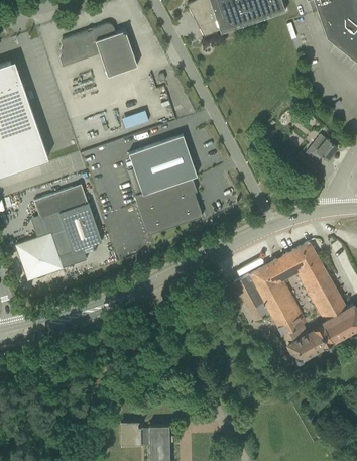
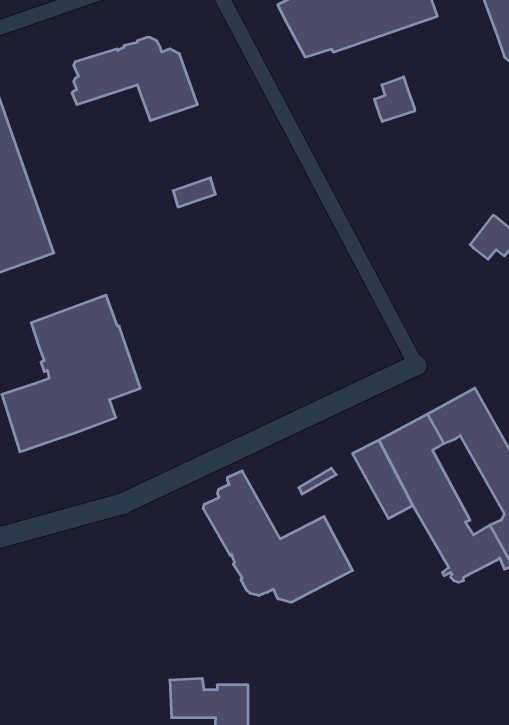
building: none -> [374,77,415,122]
building: [128,135,203,236] -> none
building: none -> [203,471,353,602]

